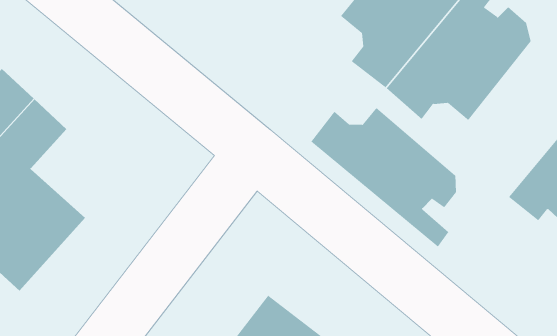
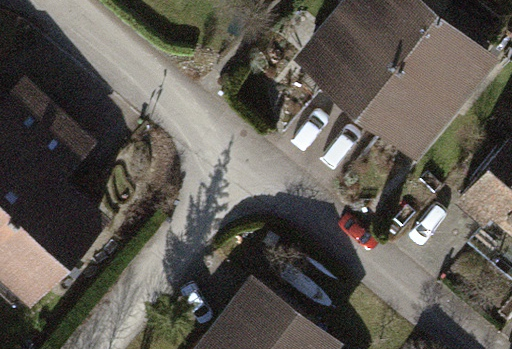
building: [311,107,457,248] -> none

